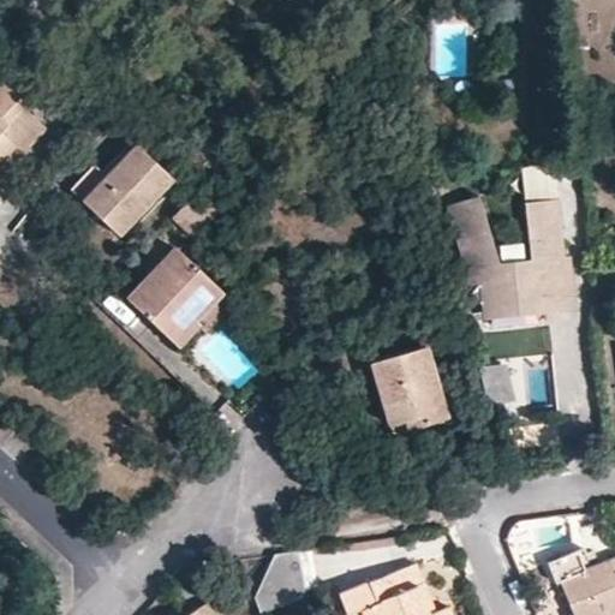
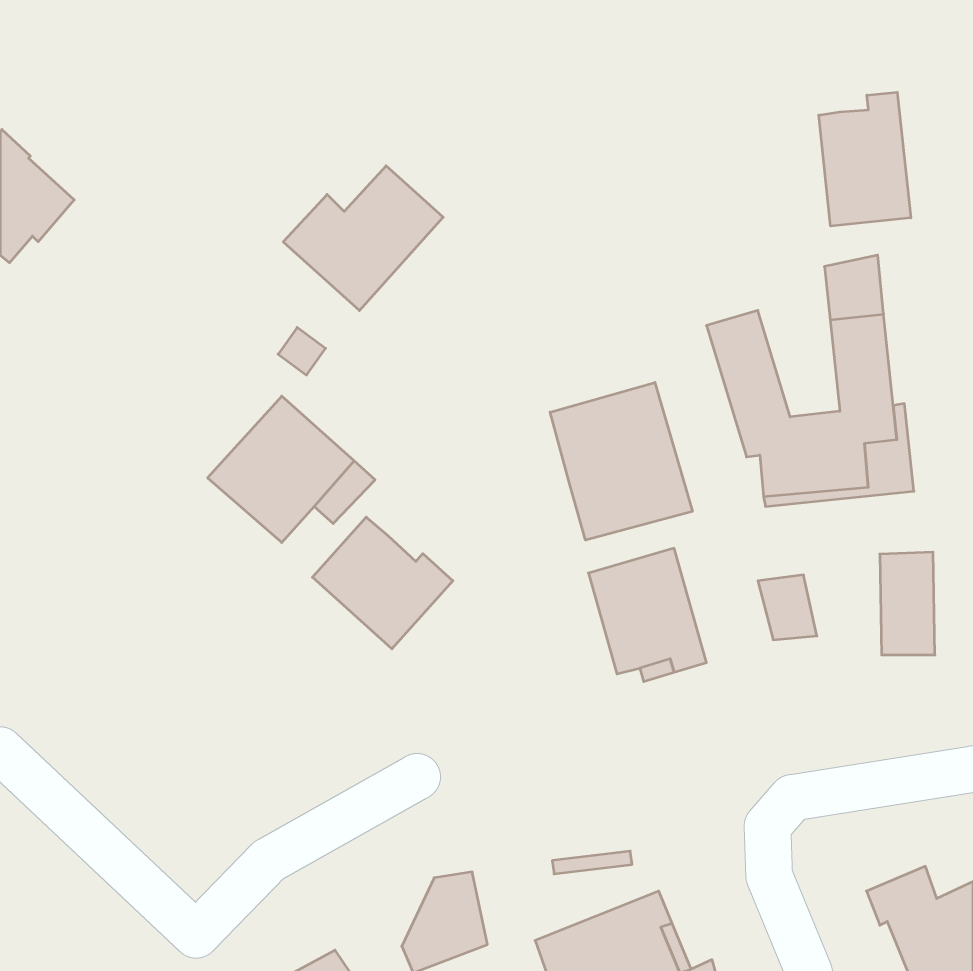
building: none -> [819,92,911,226]
building: [73,147,174,238] -> [283,166,443,311]
building: none -> [550,382,692,540]
building: none -> [312,517,453,649]

